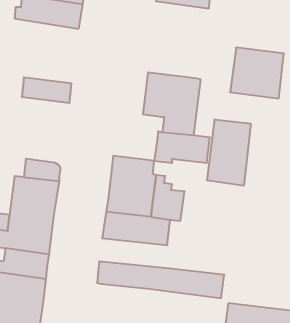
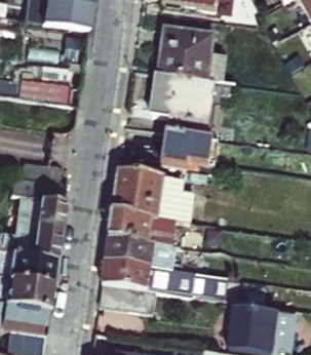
building: [230,48,284,98] -> [155,29,209,80]
building: [207,119,251,186] -> none
building: none -> [106,241,180,272]
building: none -> [105,287,157,315]

